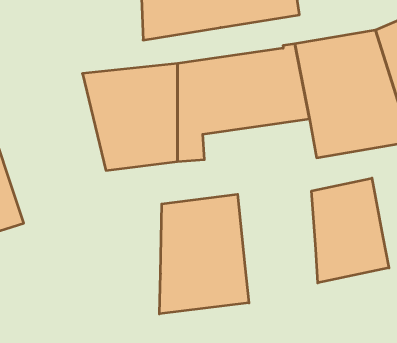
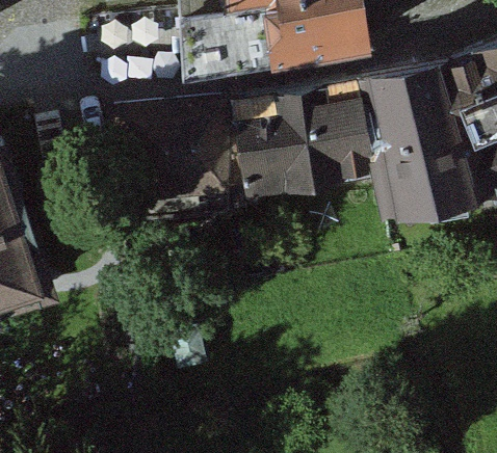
building: [312,178,389,283] -> none
building: [159,194,249,314] -> none

